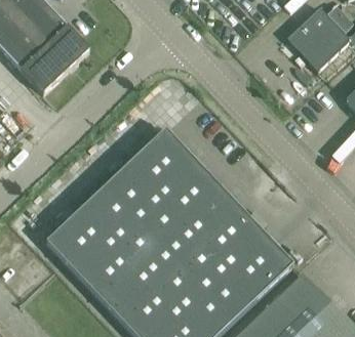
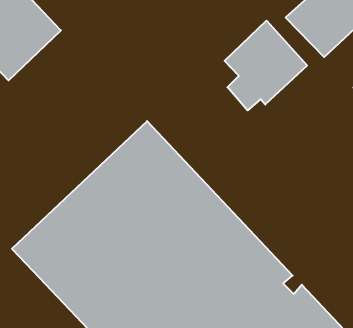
building: none -> [225,21,307,110]

